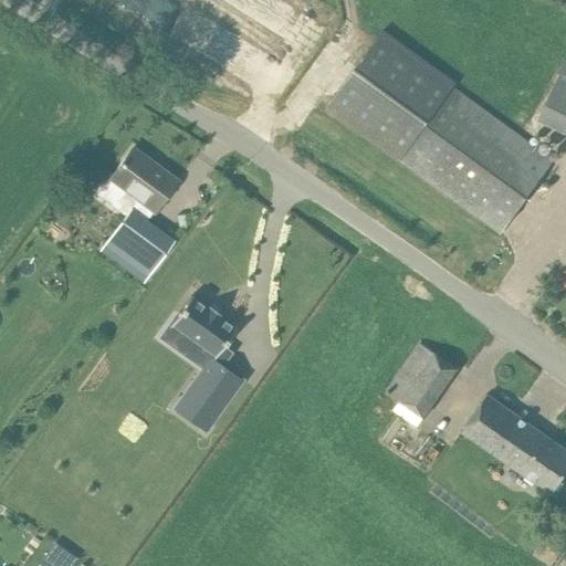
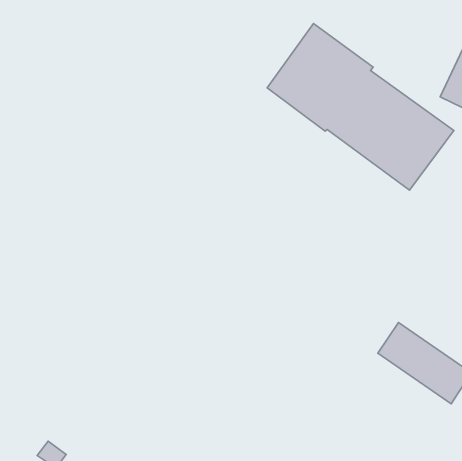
building: [106,148,178,276] -> none
building: [171,297,243,433] -> none
building: [387,345,458,419] -> none

